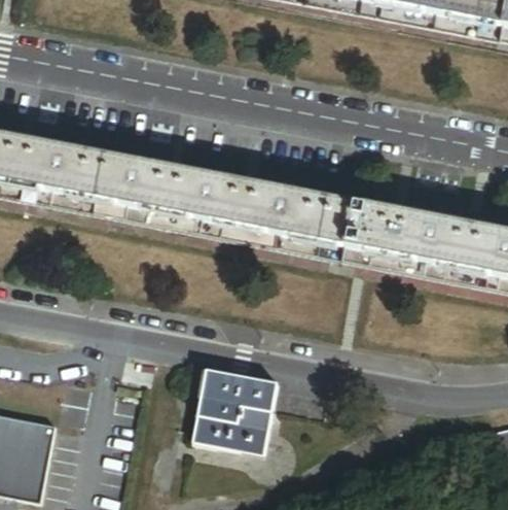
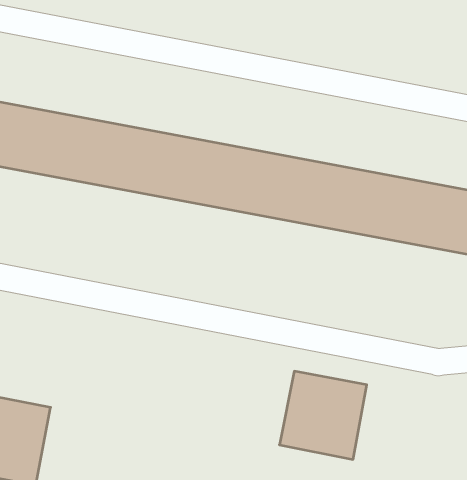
building: [191,367,277,453] -> [279,371,367,459]

